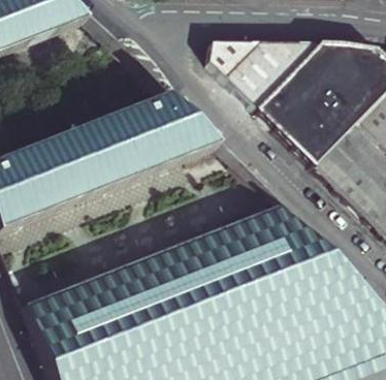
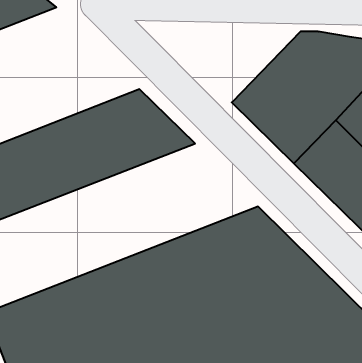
building: [212,39,320,106] -> none

